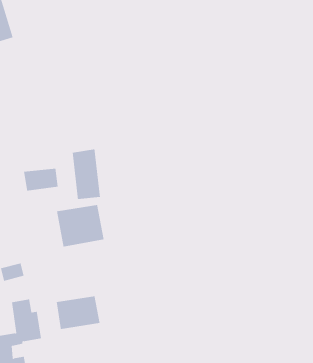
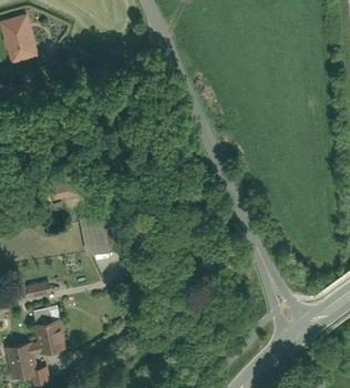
building: [72,148,101,200] -> none
building: [56,296,100,330] -> none

